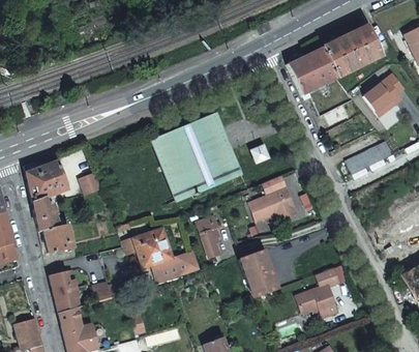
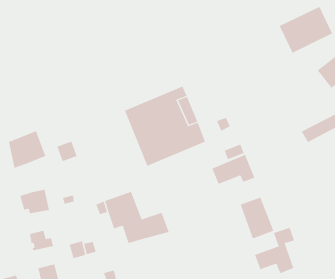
building: [287,47,336,94] -> none
building: [33,198,52,232] -> none
building: [196,215,220,258] -> none
building: [240,250,277,295] -> [240,197,274,239]
building: [54,287,79,311] -> none

